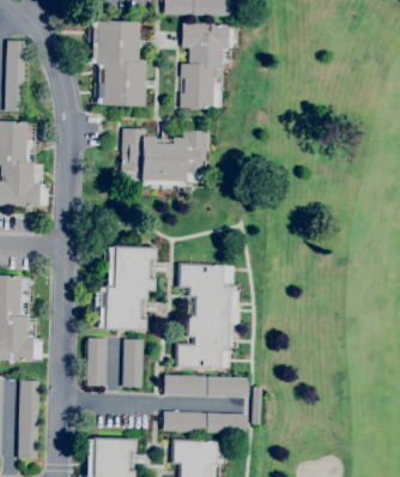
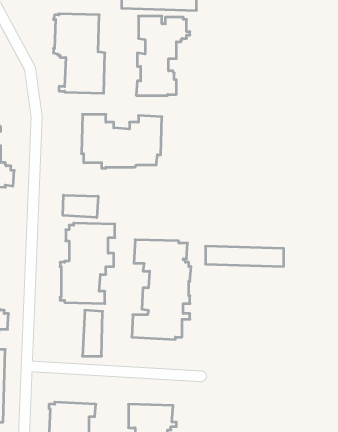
building: none -> [63,195,98,218]
building: [86,338,108,386] -> none
building: [164,375,248,397] -> [205,246,284,266]
building: [163,411,248,434] -> none

